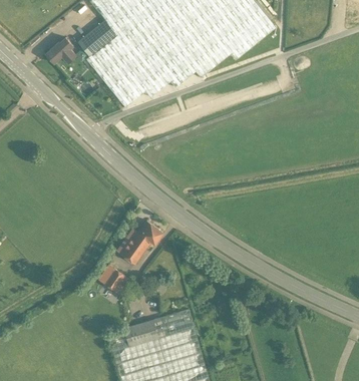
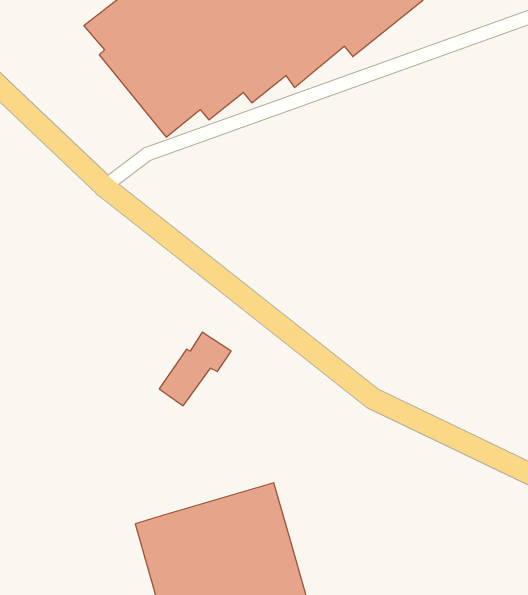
building: [46,38,76,64] -> none
building: [99,266,133,297] -> none

